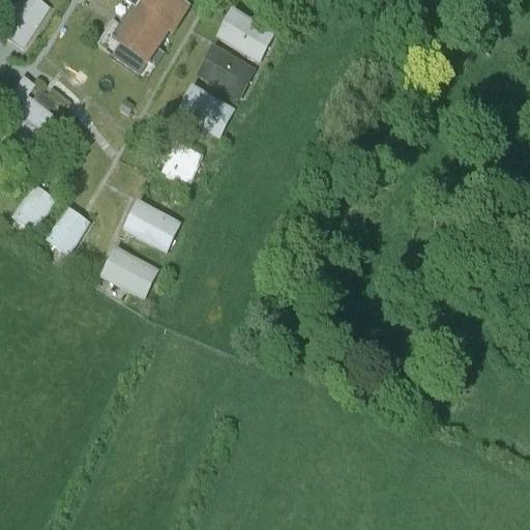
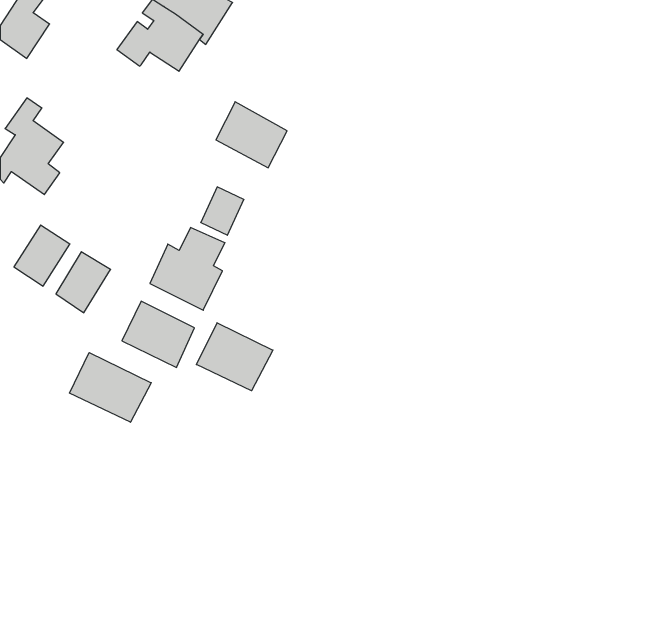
building: [216,10,274,62] -> none
building: [198,45,255,96] -> none
building: none -> [196,323,273,391]
building: none -> [69,353,151,422]

